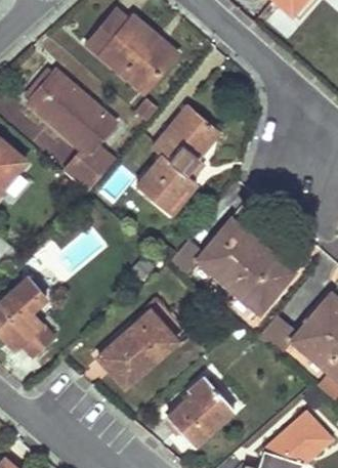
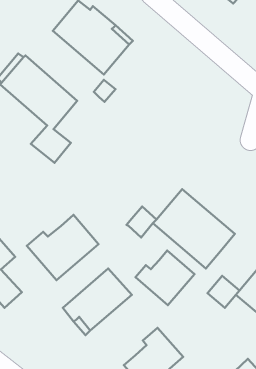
building: [136,105,219,213] -> none
building: none -> [27,215,98,280]
building: none -> [136,251,194,305]

